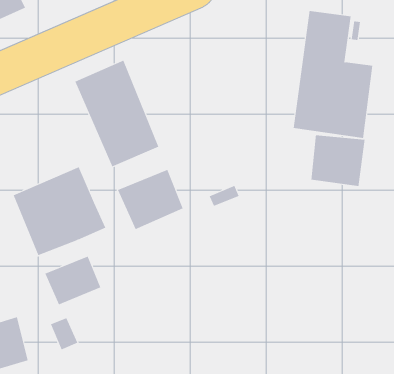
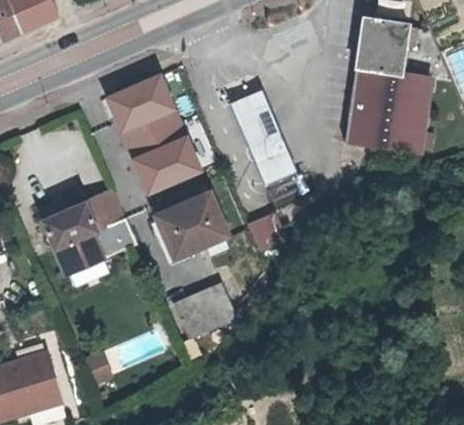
building: none -> [229,91,297,188]
building: [311,134,365,187] -> none
building: [44,256,101,305] -> [173,282,235,336]

